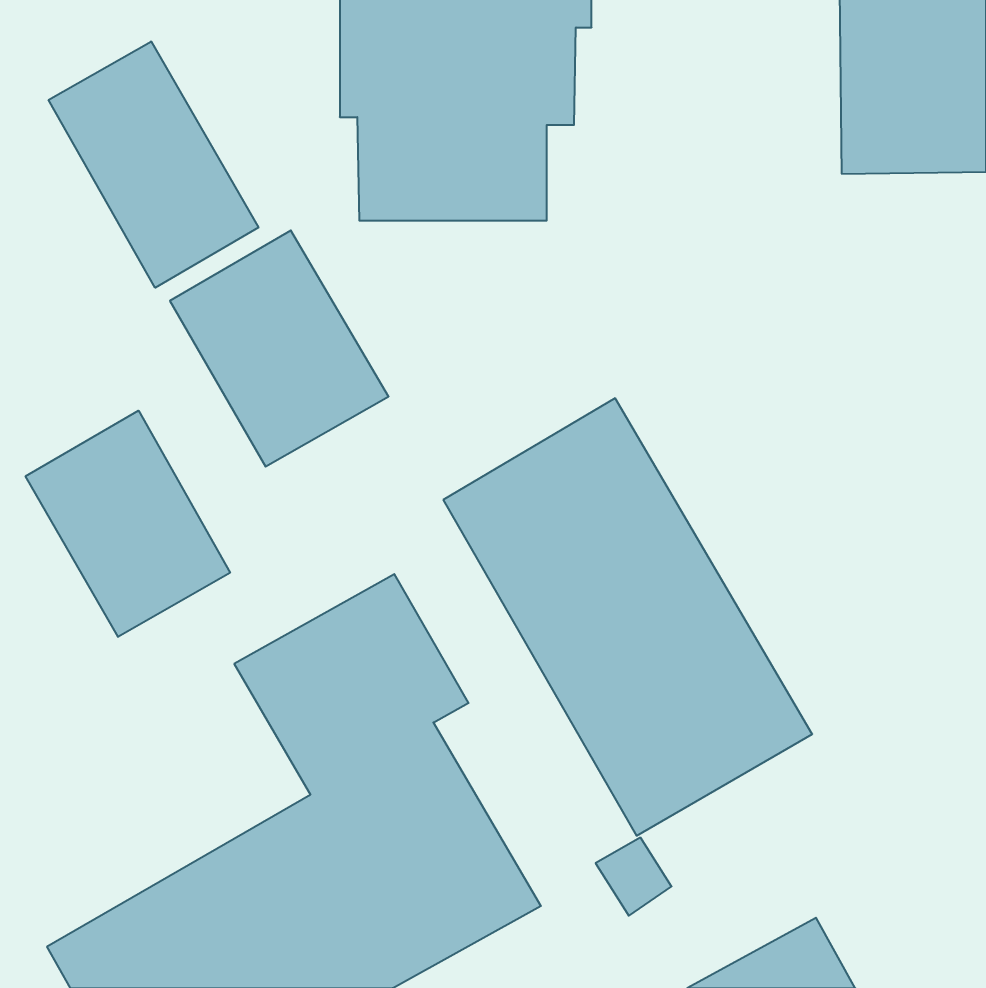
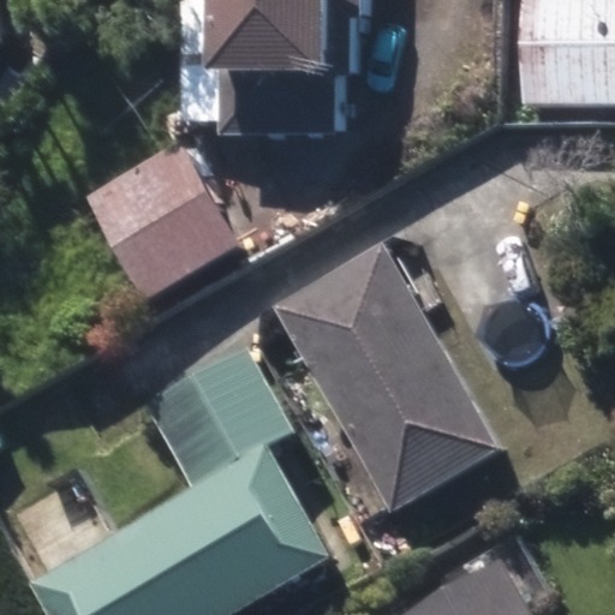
building: [49,41,258,288] -> none
building: [26,411,230,637] -> none

